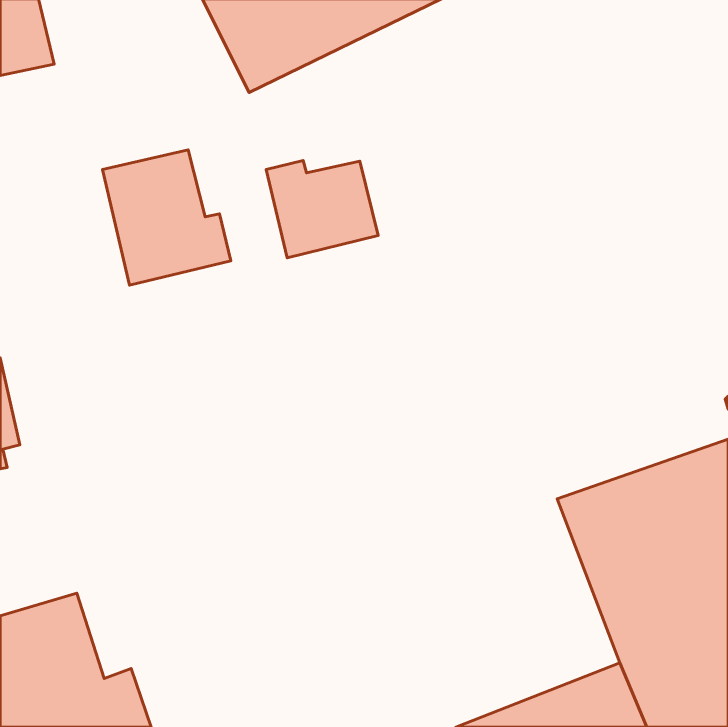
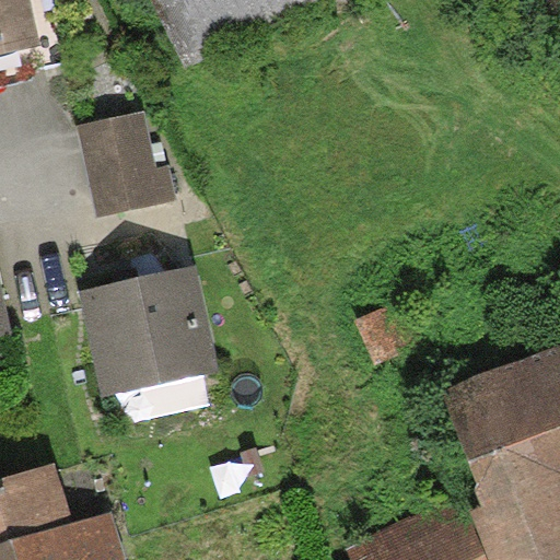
building: [266,161,378,258] -> none
building: none -> [80,267,219,399]

